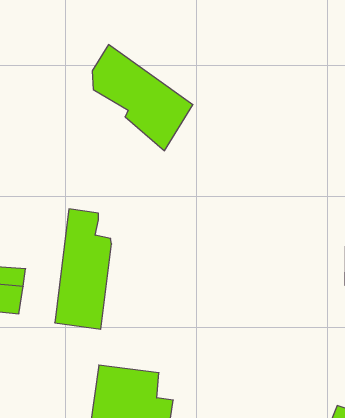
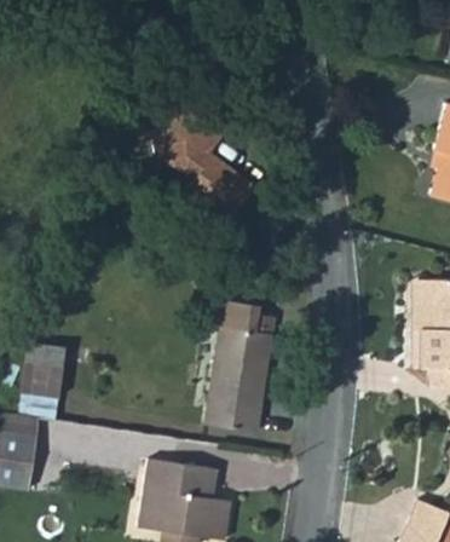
building: [55,209,112,329] -> [209,296,272,429]

